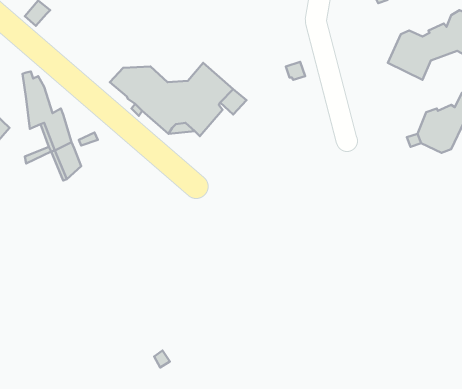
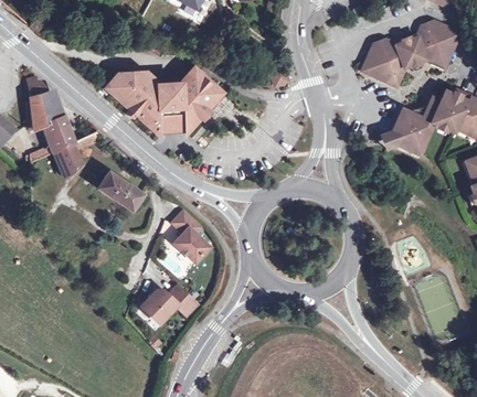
building: none -> [97,172,144,211]
building: none -> [172,212,209,262]
building: none -> [141,285,197,323]

